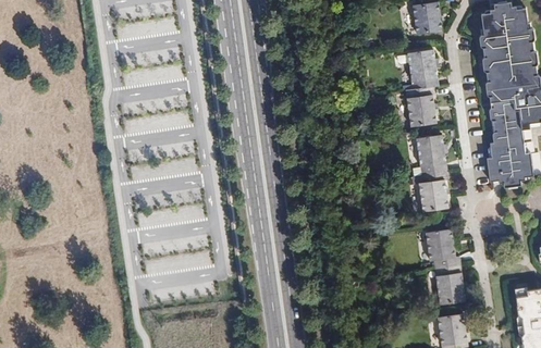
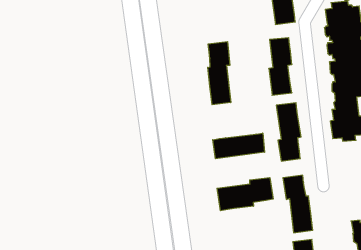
building: none -> [208,42,231,105]
building: none -> [213,133,265,159]
building: none -> [217,178,273,211]

